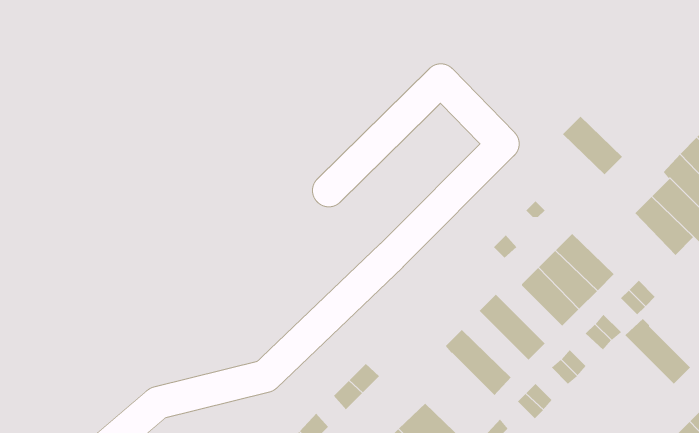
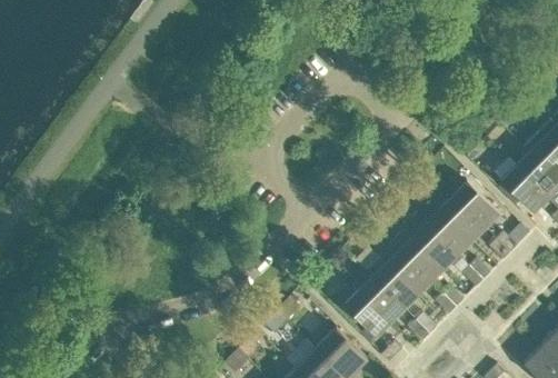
building: [562,116,623,175] -> [452,182,500,229]
building: none -> [366,258,418,310]
building: [624,318,691,385] -> [392,231,445,284]
building: none -> [345,291,391,339]

